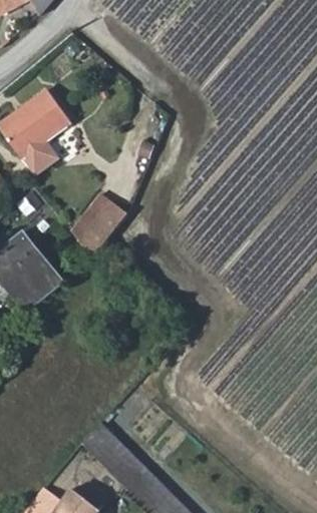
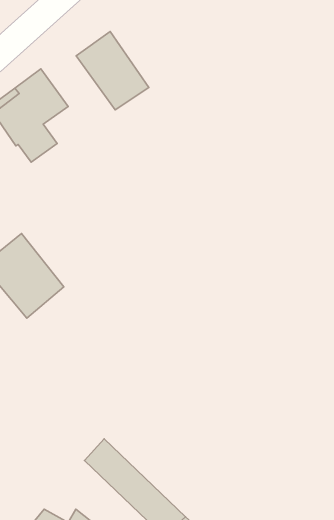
building: none -> [76,32,149,110]
building: [71,199,127,249] -> none

